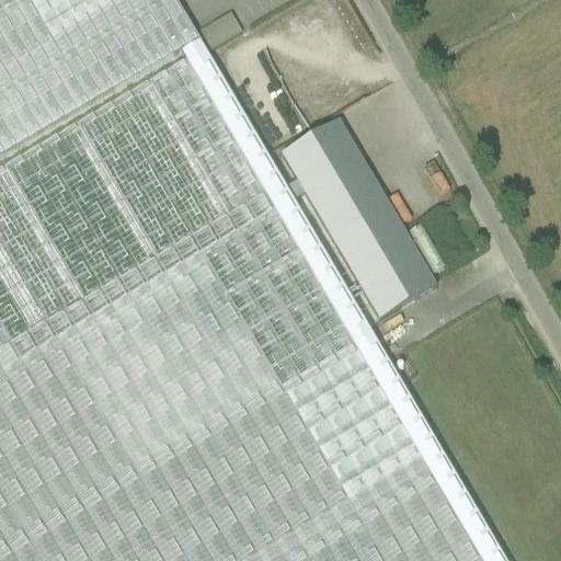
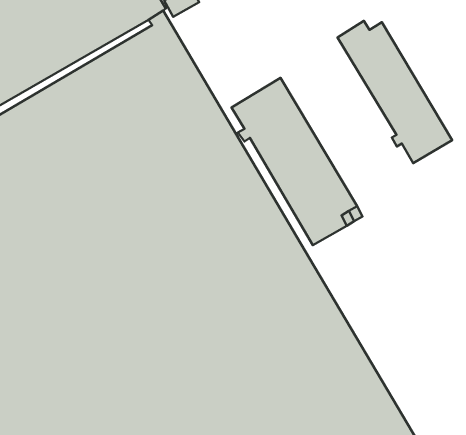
building: none -> [337,21,452,163]

